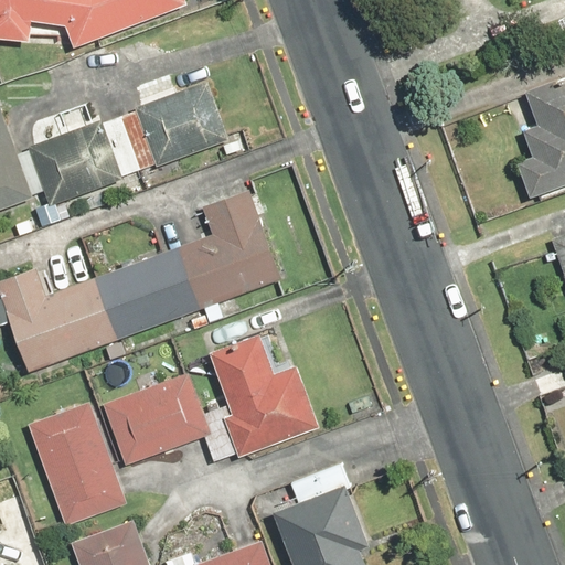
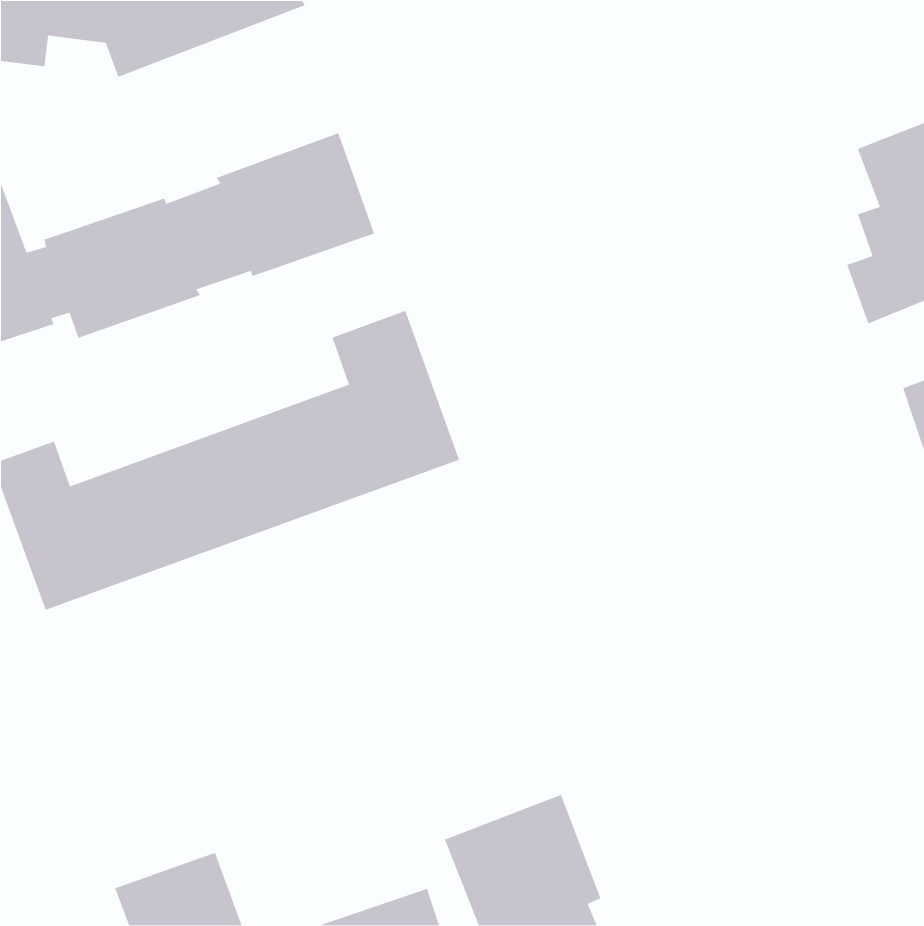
building: [209,333,319,457] -> none
building: [102,372,211,465] -> none
building: [26,401,126,526] -> none

